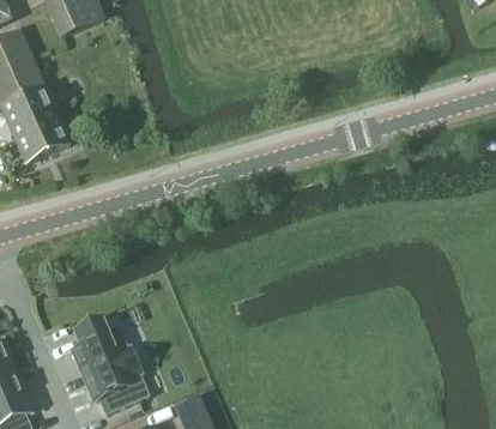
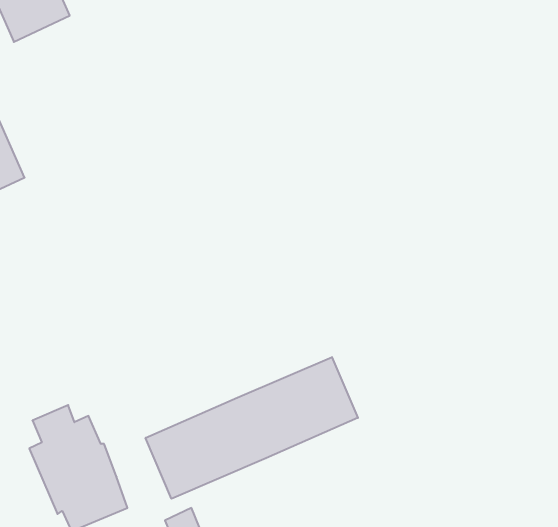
building: none -> [146,357,358,499]

